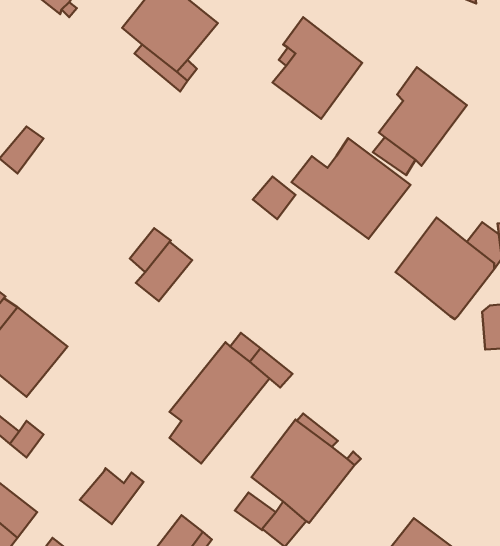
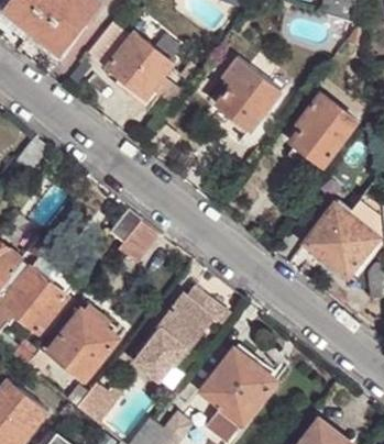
building: [291,138,411,239] -> none
building: none -> [47,308,118,379]

